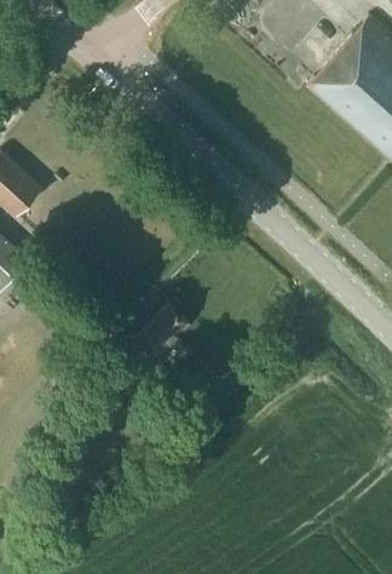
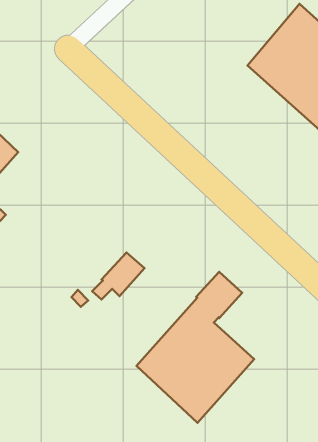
building: none -> [136,272,254,423]

